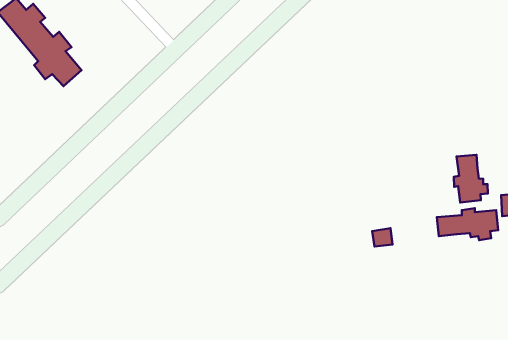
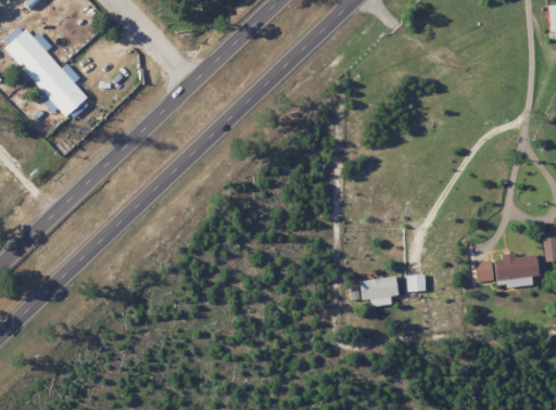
building: [454,155,488,202] -> none
building: none -> [359,276,400,307]

